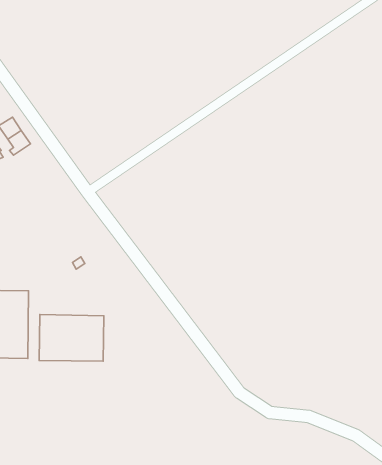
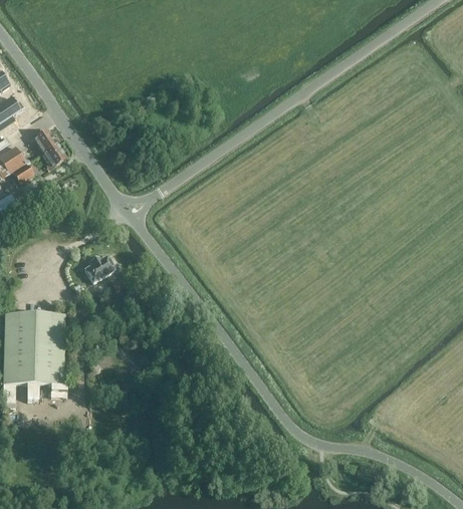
building: none -> [83,255,114,282]
building: [39,314,104,361] -> none

